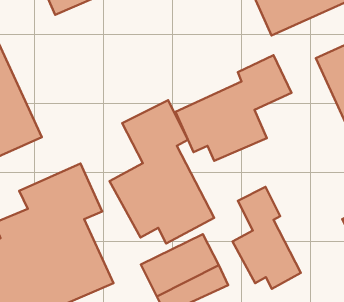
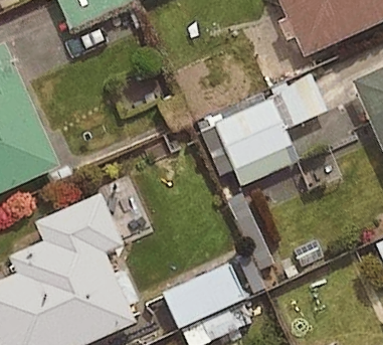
building: [109,100,214,243] -> none
building: [233,187,301,289] -> none

